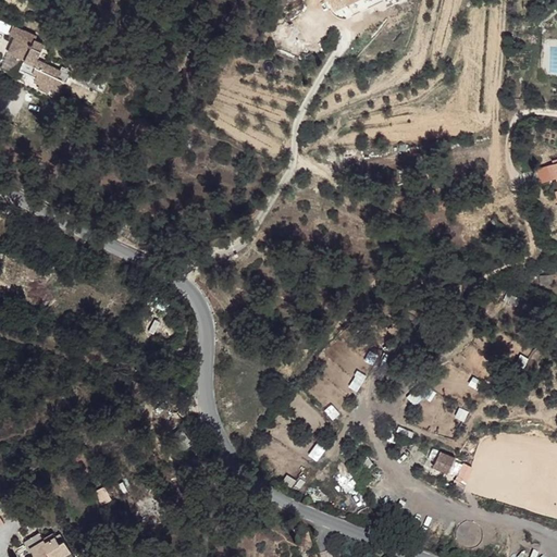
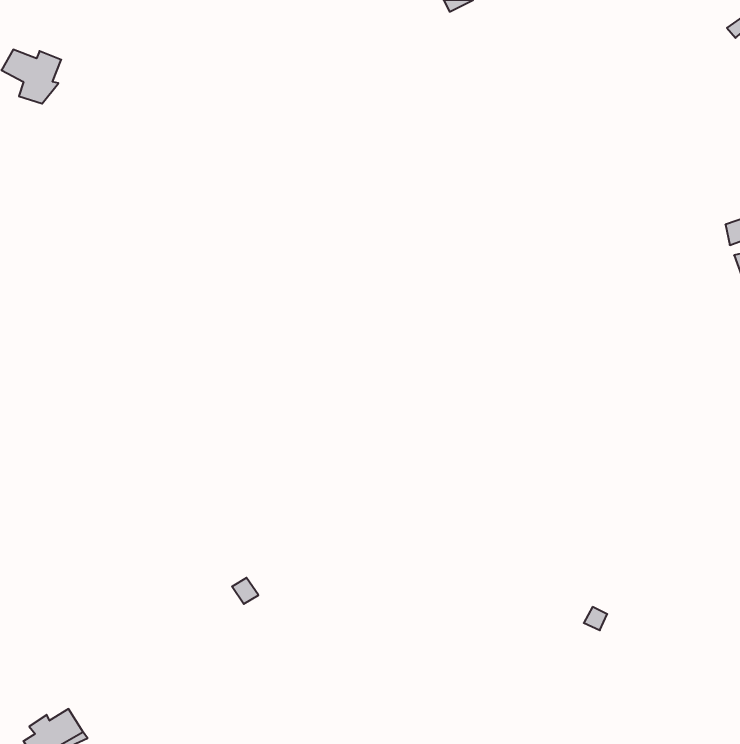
building: [34,63,63,95] -> none

